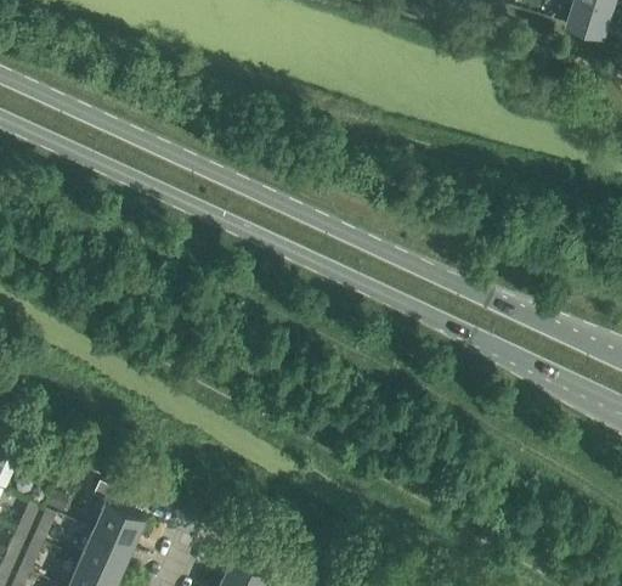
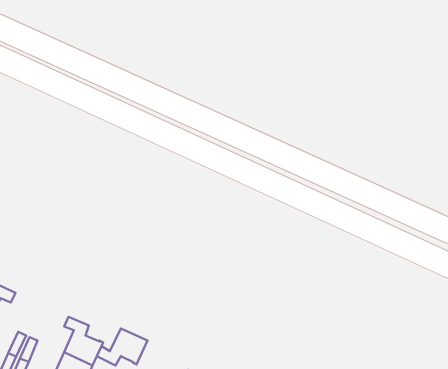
building: none -> [97,328,148,365]

